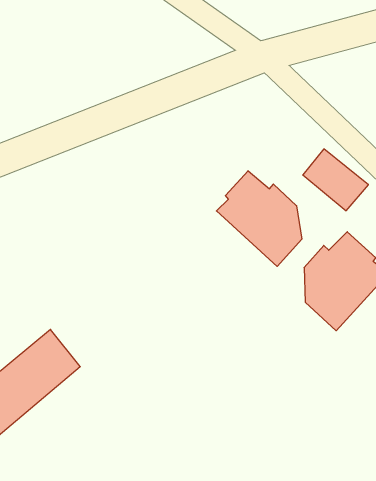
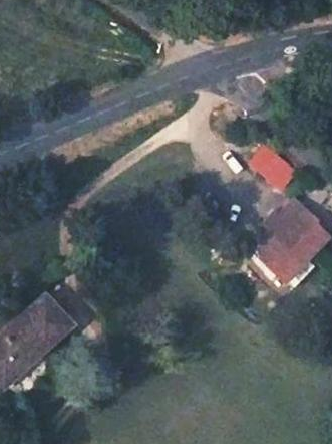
building: [216,171,302,266] -> none

